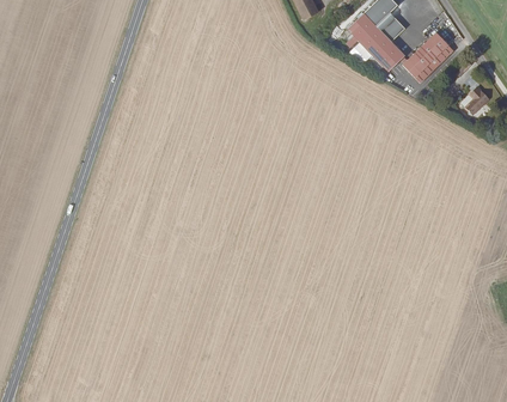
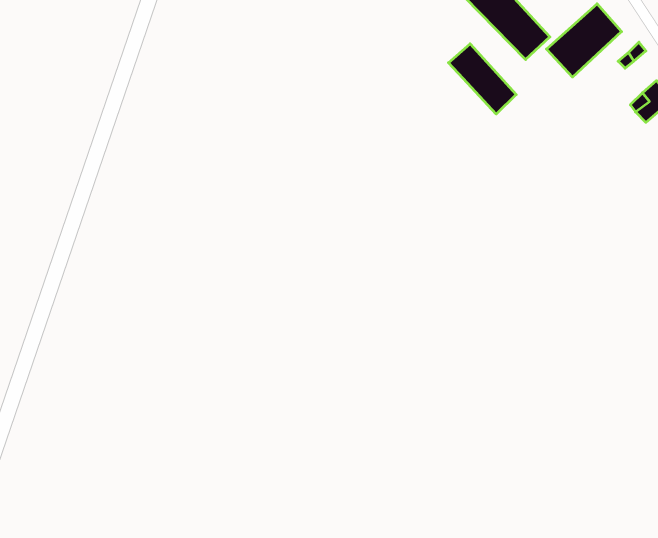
building: none -> [448,44,516,114]

